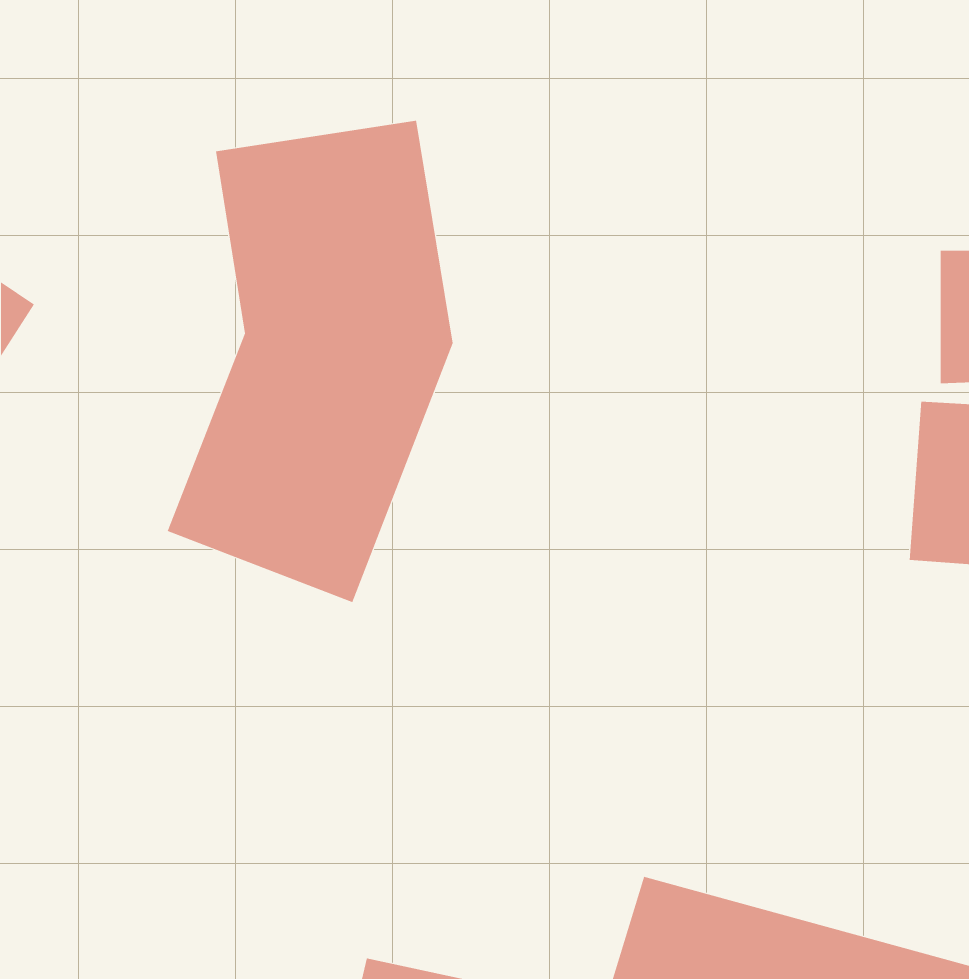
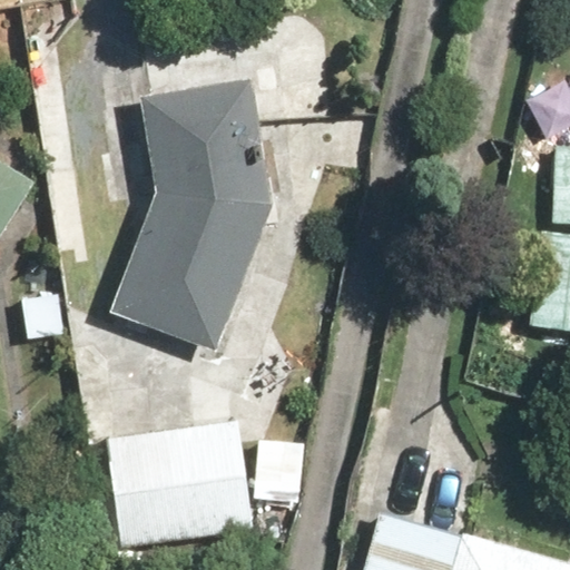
building: none -> [118,422,258,551]

